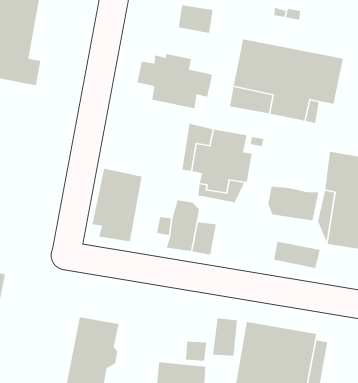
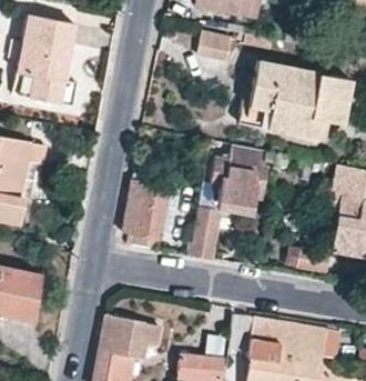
building: [137,53,213,109] -> none
building: [267,186,319,221] -> none

